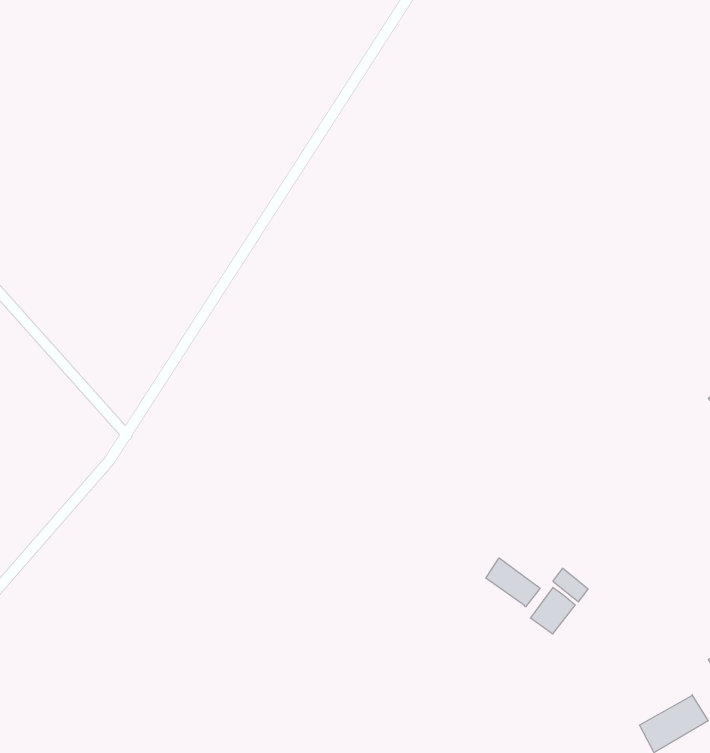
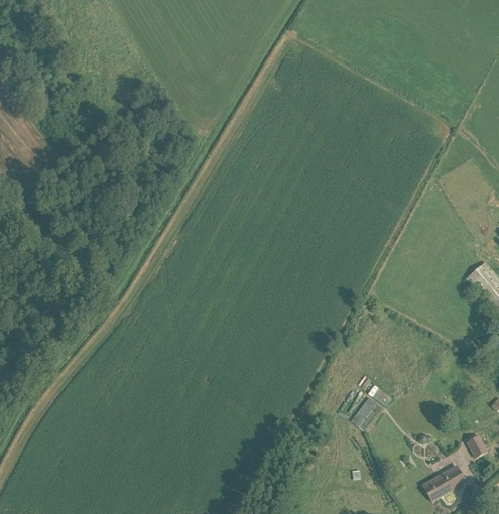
building: [486,558,540,607] -> none

